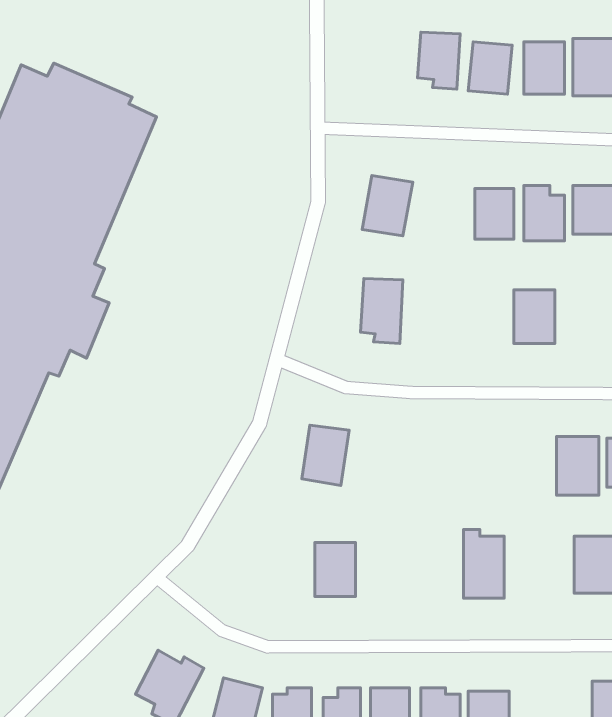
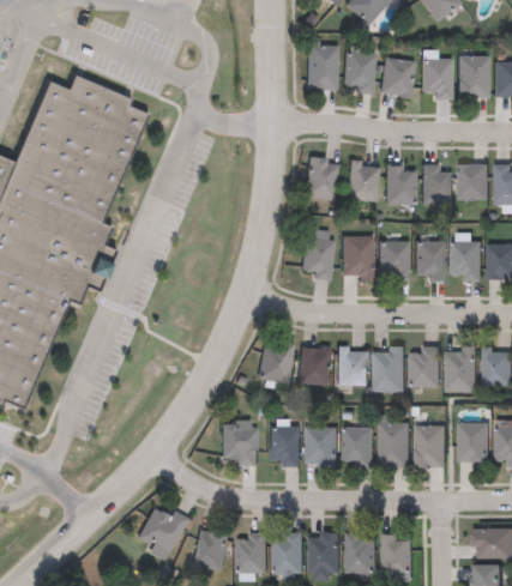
building: none -> [306,46,336,90]
building: none -> [345,162,378,201]
building: none -> [342,236,372,282]
building: none -> [378,241,408,280]
building: none -> [451,241,480,280]
building: none -> [410,346,439,387]
building: none -> [299,348,329,385]
building: none -> [372,349,403,392]
building: none -> [336,350,366,386]
building: none -> [221,422,254,466]
building: none -> [414,425,444,466]
building: none -> [342,428,371,467]
building: none -> [305,429,333,466]

